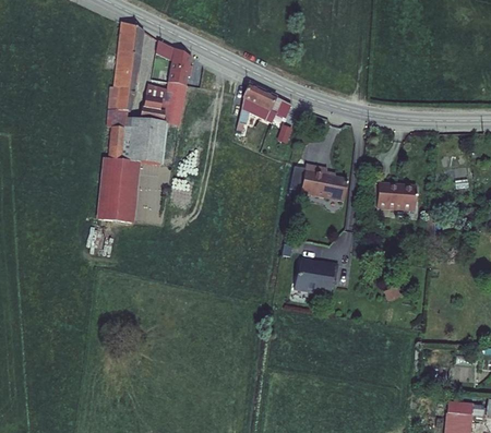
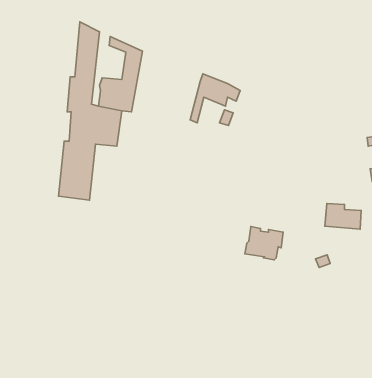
building: [309,161,356,197] -> none
building: [385,179,426,207] -> [325,204,361,229]

